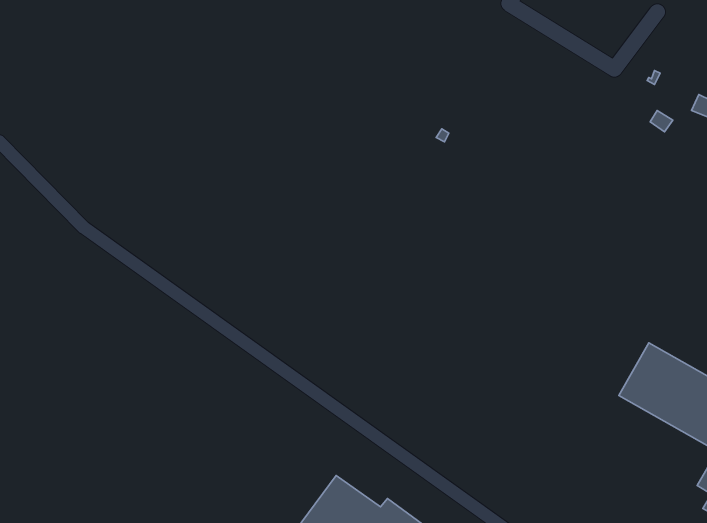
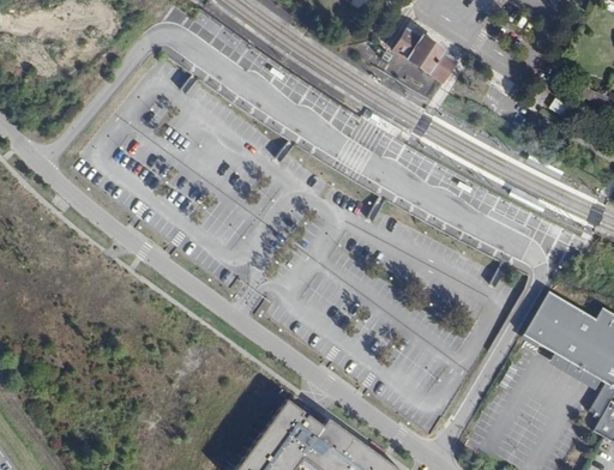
building: none -> [396,29,458,82]

